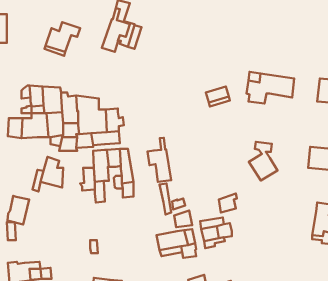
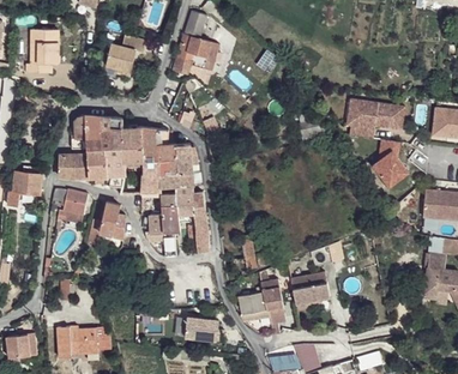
building: [148,138,171,182] -> none
building: [249,142,278,181] -> [372,139,406,186]
building: [7,196,29,224] -> [60,189,86,224]
building: none -> [186,316,227,339]

